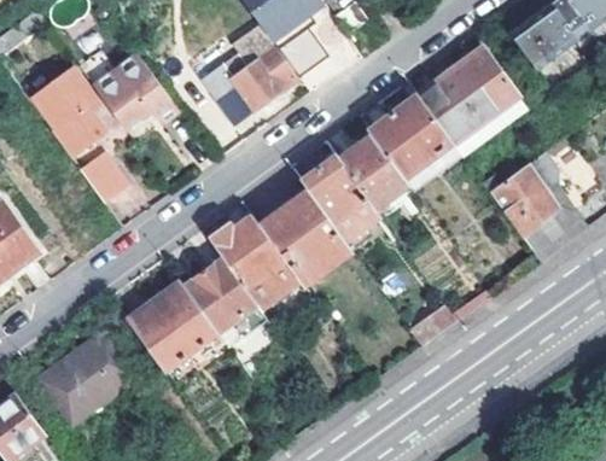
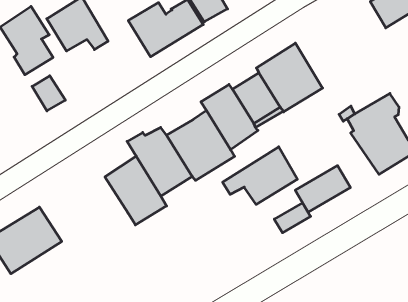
building: [419,47,526,152] -> none
building: none -> [223,147,297,204]
building: none -> [295,166,350,212]
building: [128,281,218,370] -> none

